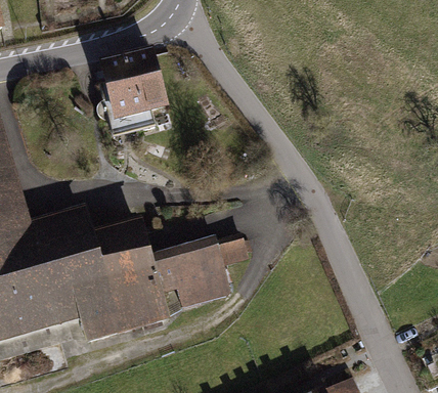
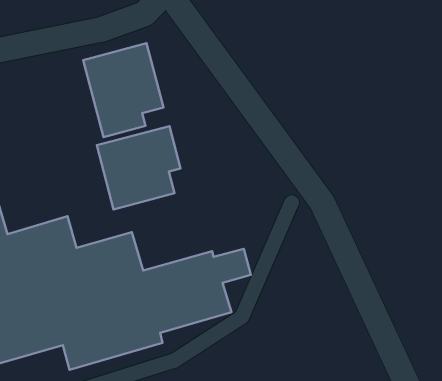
building: none -> [97,126,181,210]

